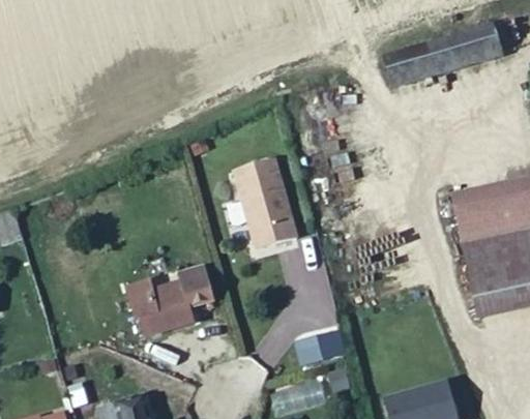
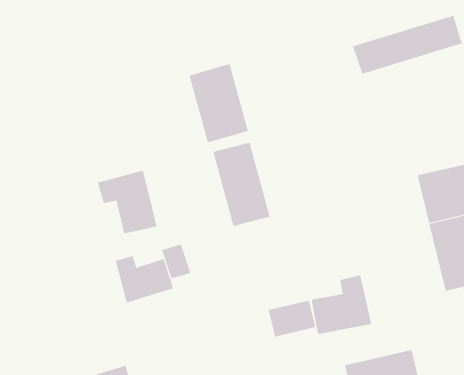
building: none -> [189,63,248,143]
building: none -> [97,170,157,234]
building: none -> [311,275,372,335]

